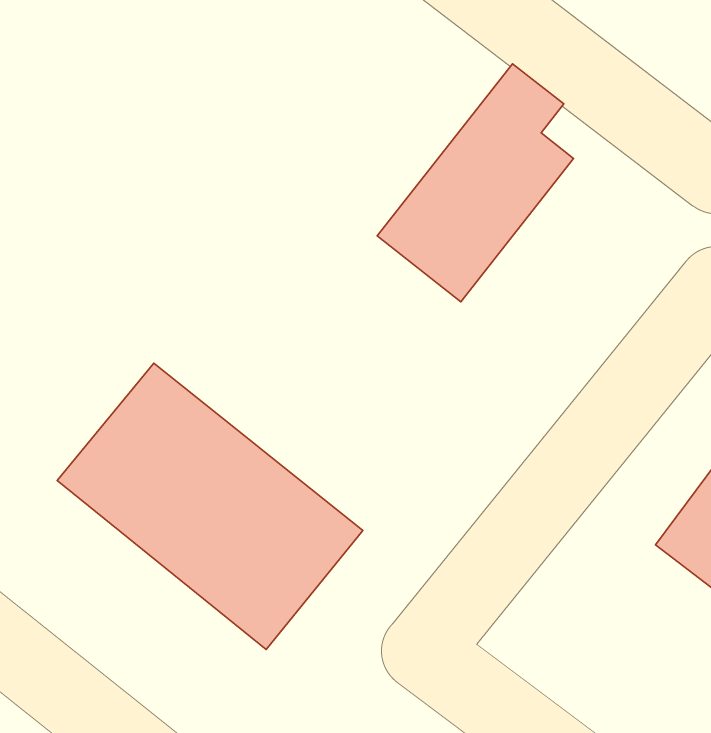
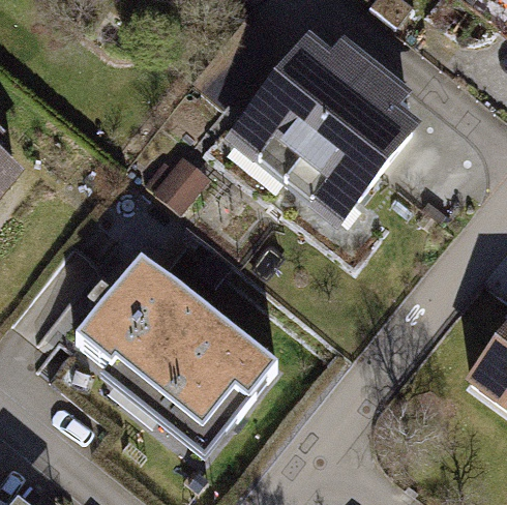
building: none -> [234,39,372,174]

